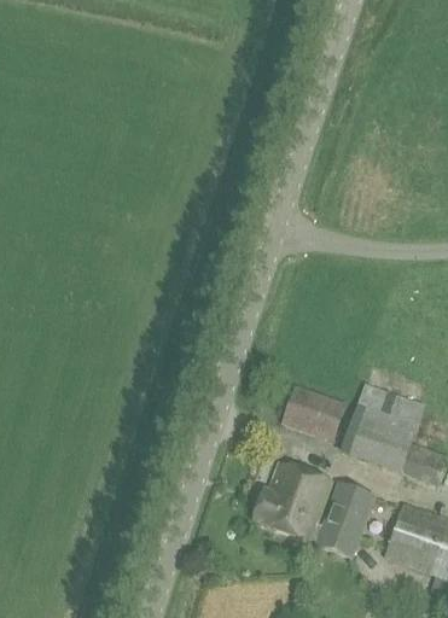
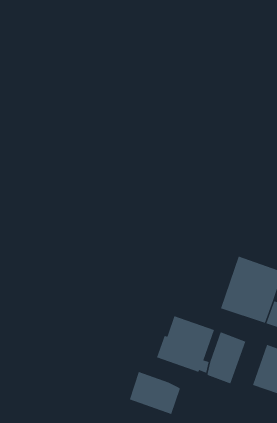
building: [280,385,347,441] -> none
building: none -> [129,371,180,415]

